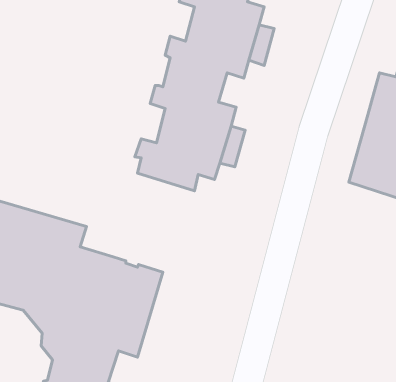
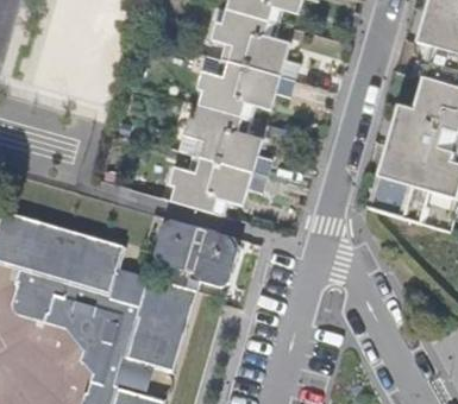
building: none -> [155,220,239,289]

